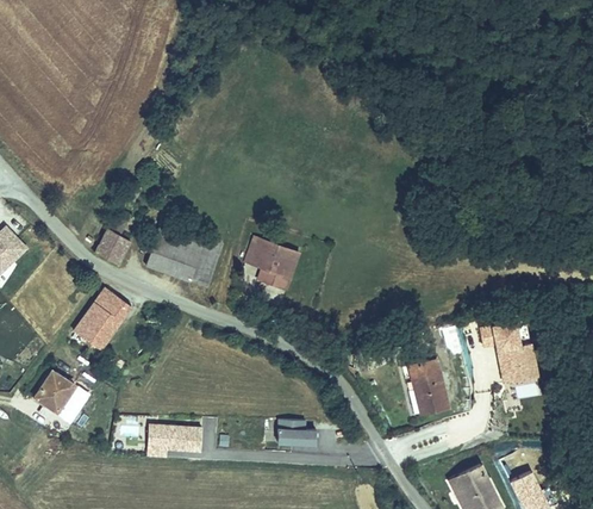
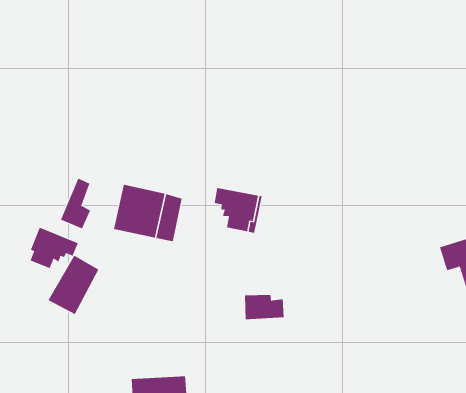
building: none -> [30,227,79,269]
building: [412,365,447,416] -> none
building: [29,368,70,410] -> none
building: [276,417,318,445] -> [244,294,284,320]

